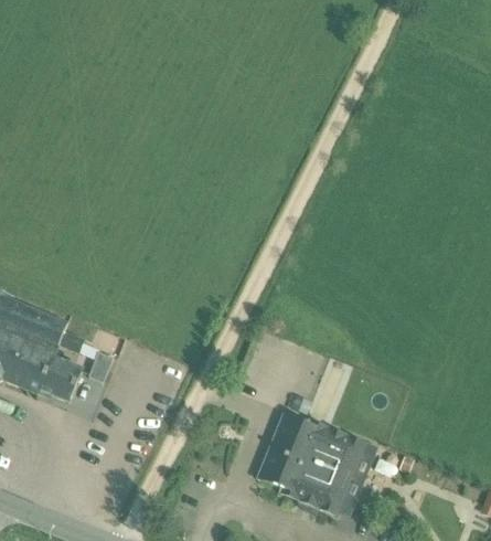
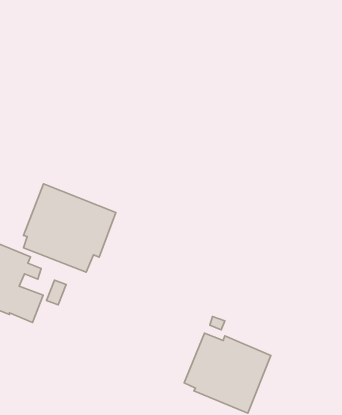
building: none -> [23,184,116,272]

